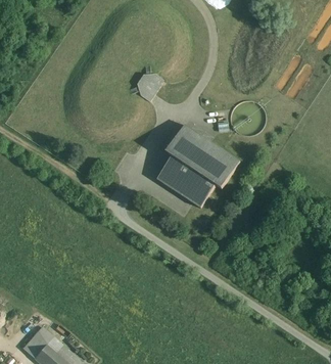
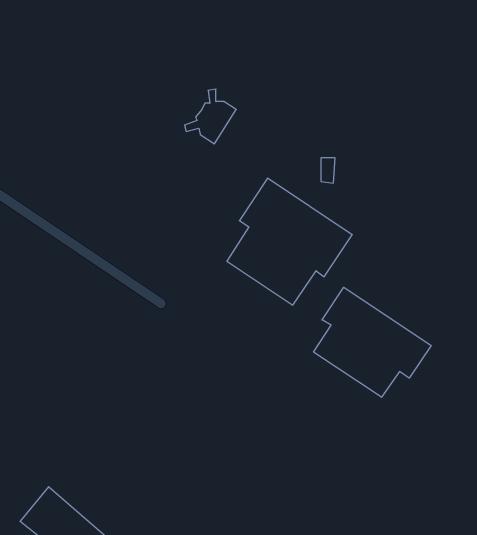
building: none -> [314,287,431,397]

